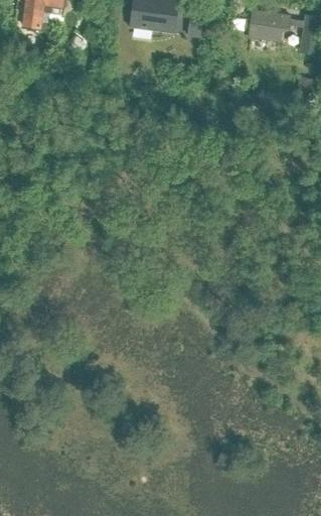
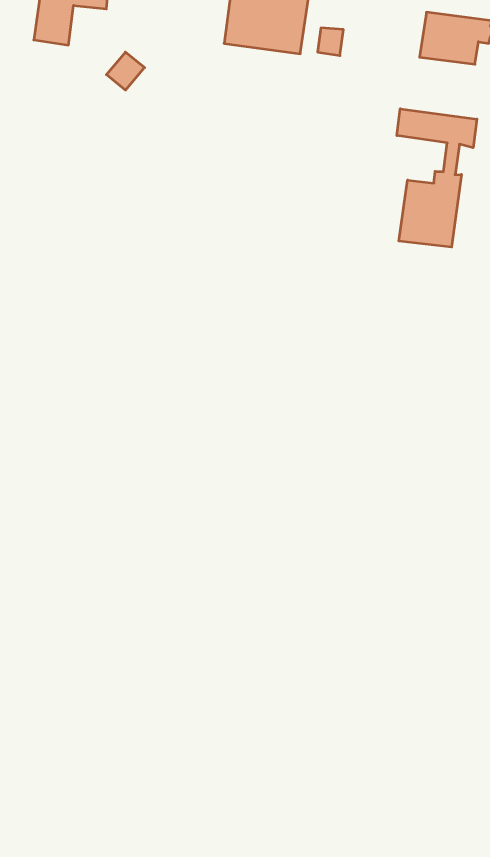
building: none -> [397,109,477,247]

